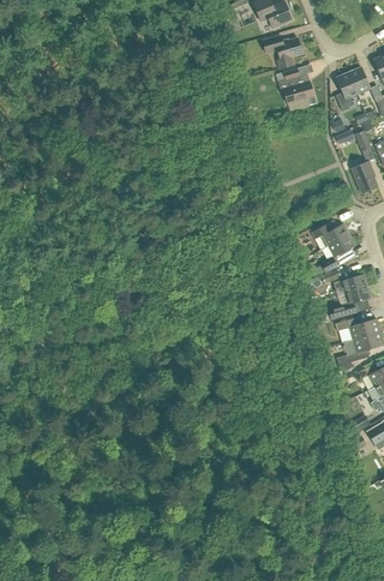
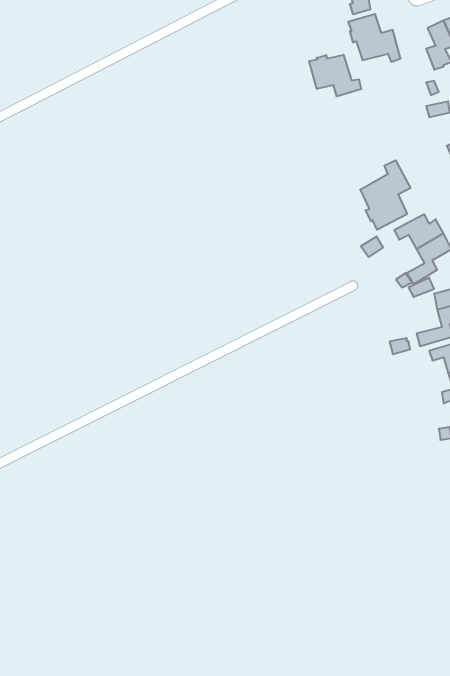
building: none -> [309,55,361,96]
building: none -> [360,160,411,230]

